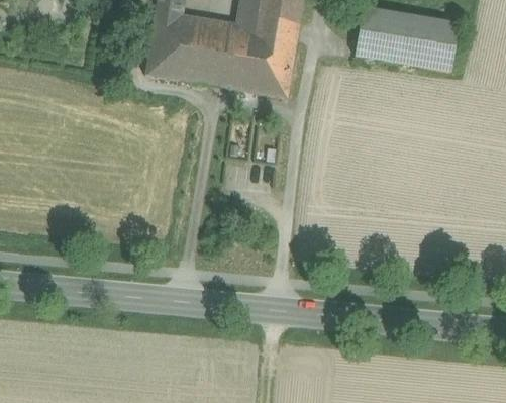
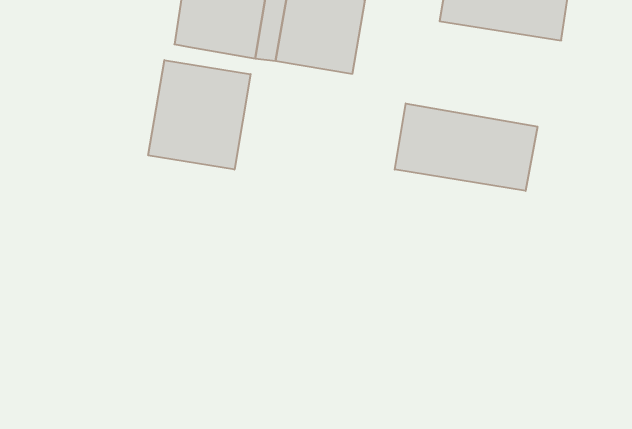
building: none -> [148,60,251,170]
building: none -> [395,103,537,191]

